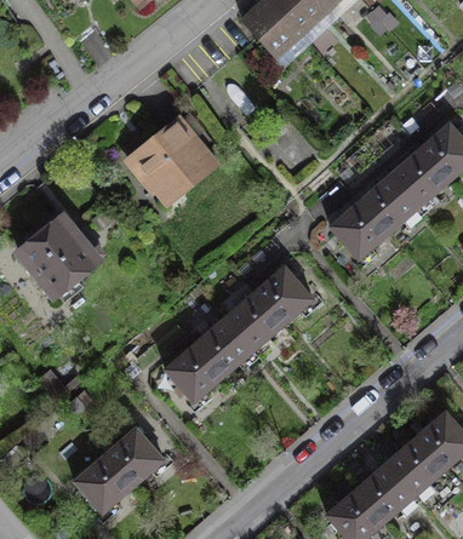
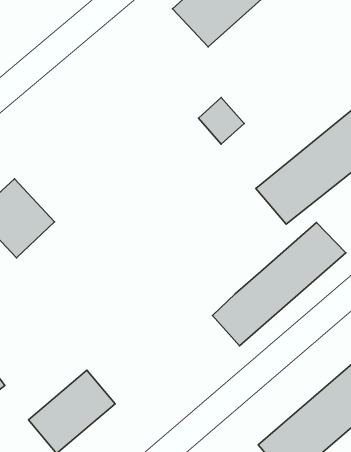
building: [115,105,219,211] -> none
building: [168,263,318,401] -> [212,222,346,346]

